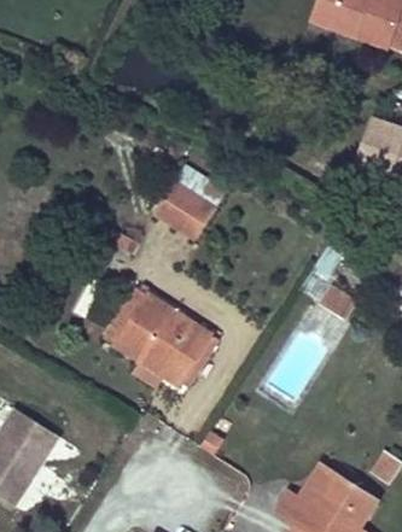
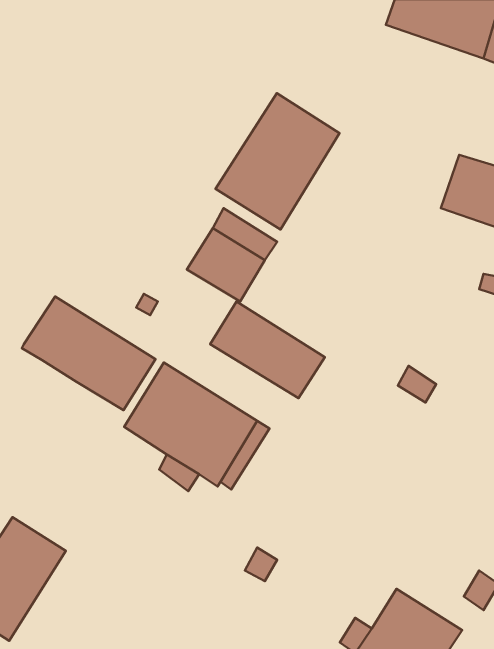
building: none -> [215,93,339,230]
building: none -> [22,297,156,410]
building: none -> [210,301,325,398]

